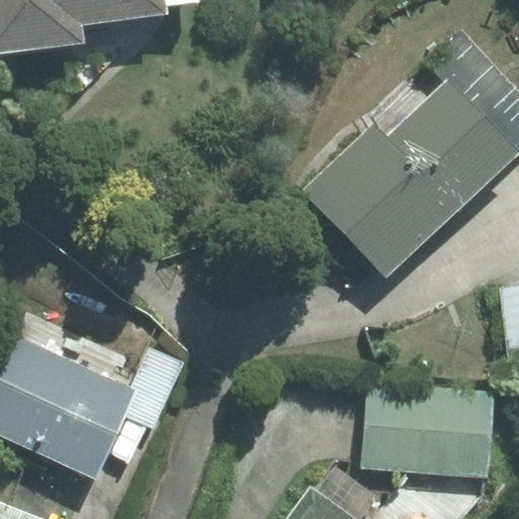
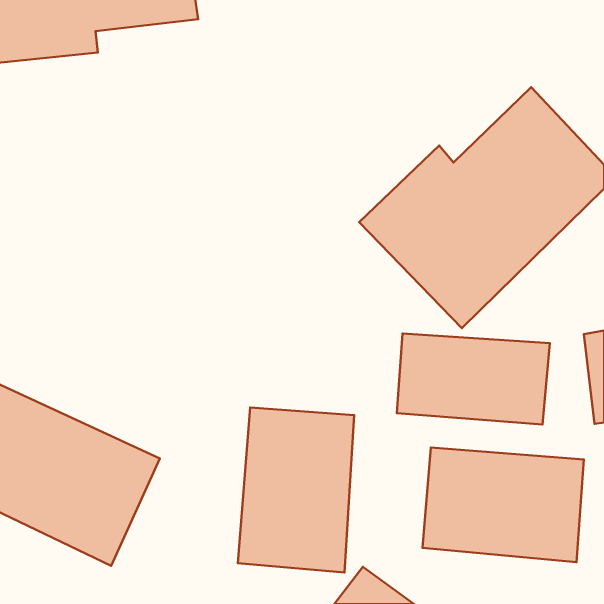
building: none -> [397,333,550,425]
building: none -> [238,407,354,572]

